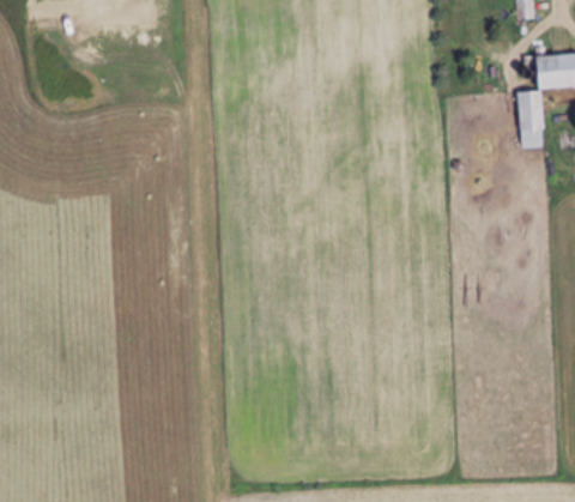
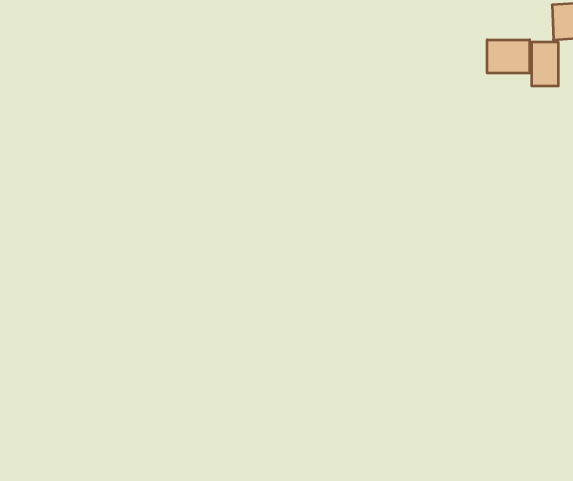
building: none -> [487,40,530,73]

